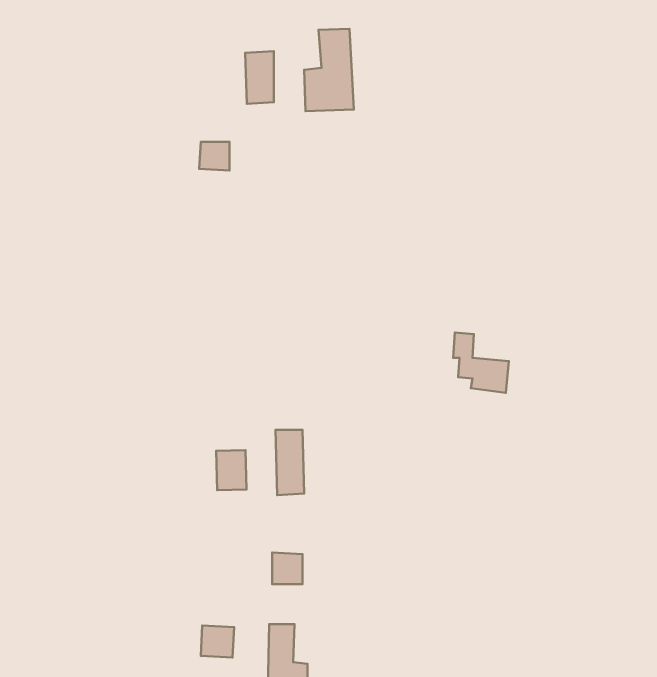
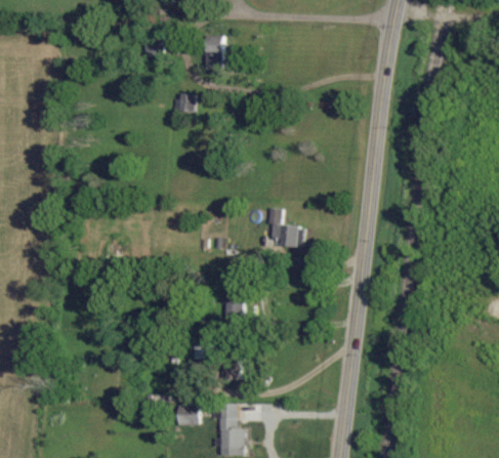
building: [304,29,354,111] -> none
building: [453,332,509,393] -> [267,208,303,247]
building: [216,450,247,490] -> none

